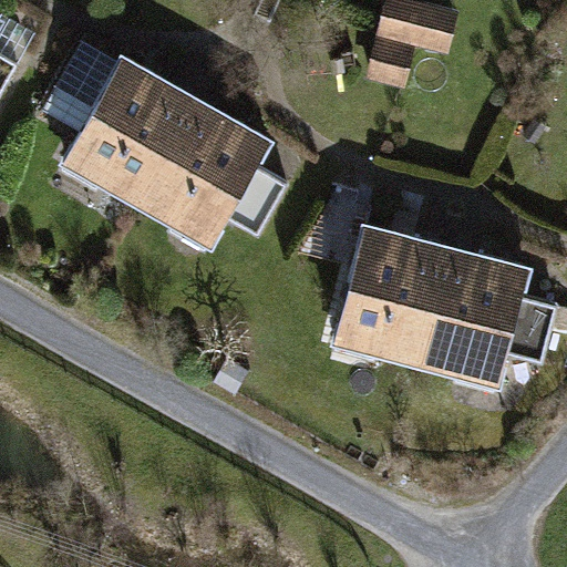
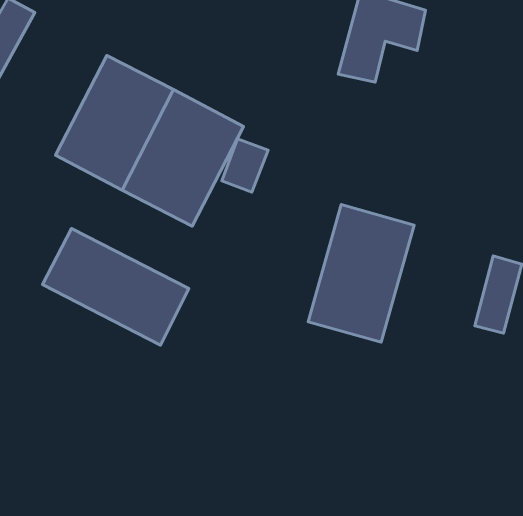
building: [411,243,526,391] -> none
building: none -> [43,229,189,345]

